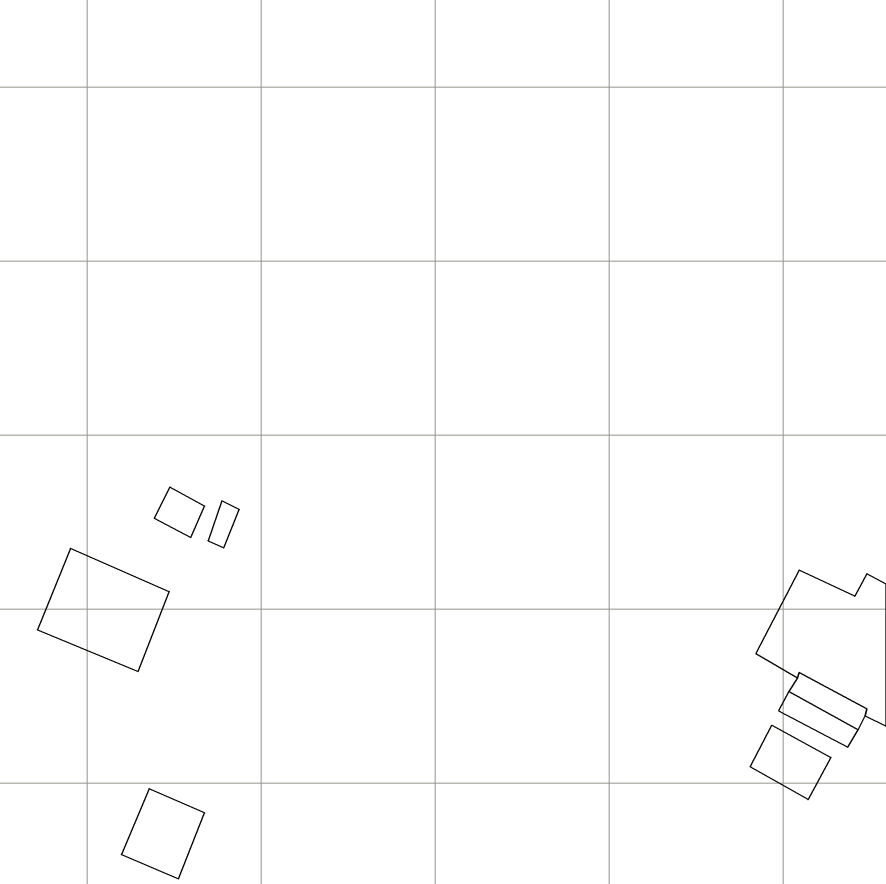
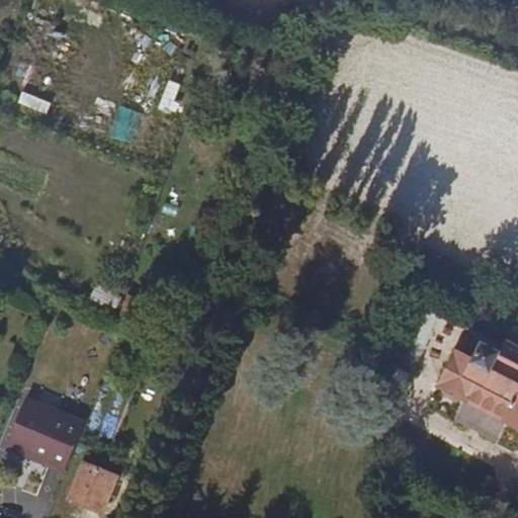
building: [37,548,169,671] -> [5,399,82,470]
building: [750,725,831,800] -> none

